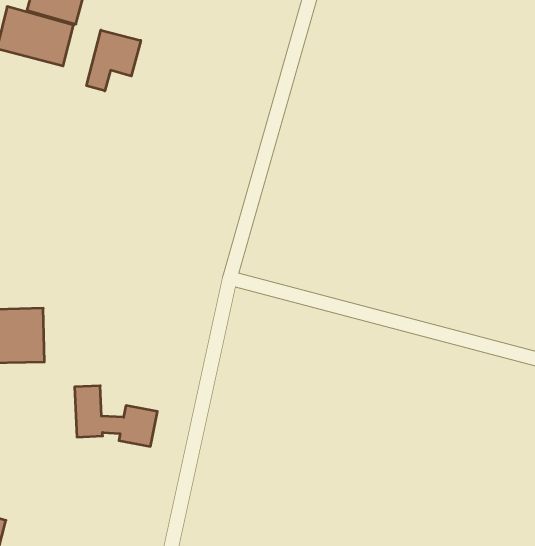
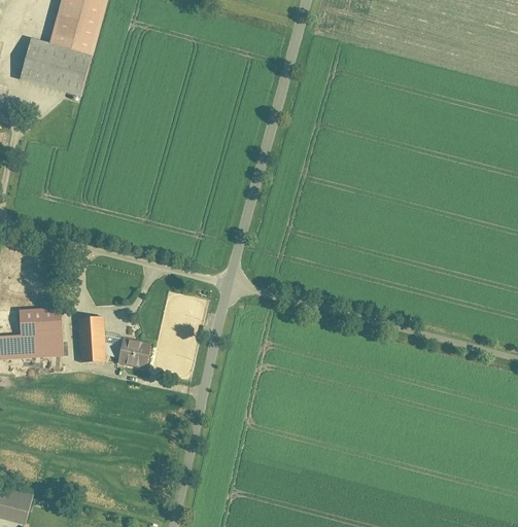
building: [87,30,141,91] -> none
building: [75,386,157,446] -> [79,316,152,370]

